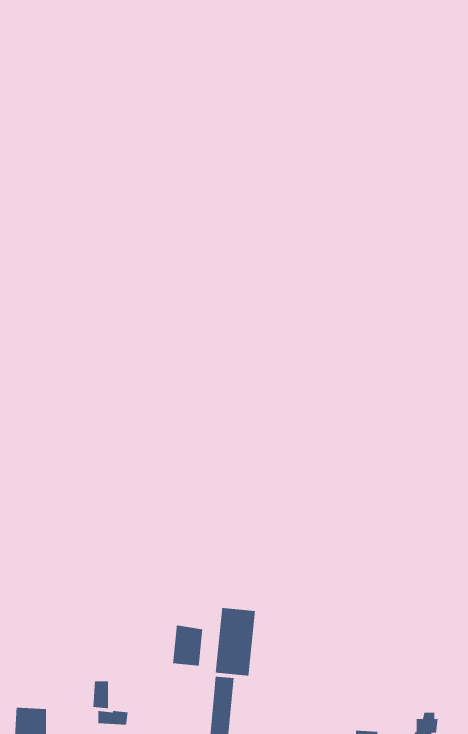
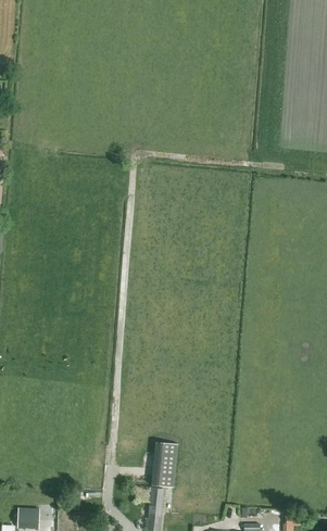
building: [172,624,203,666] -> none

